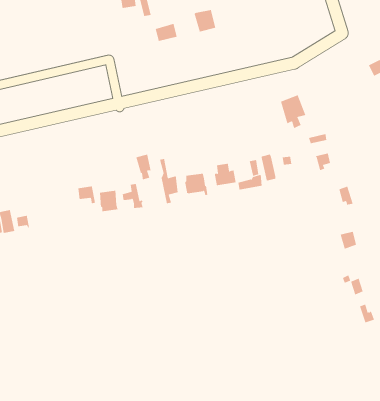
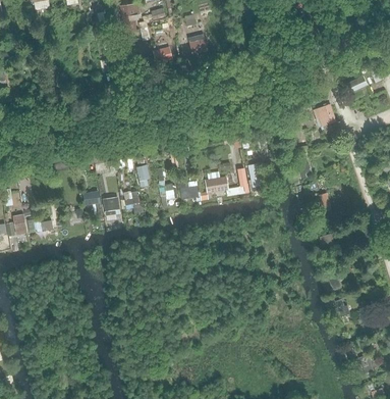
building: [280,95,306,129] -> [312,104,335,135]

